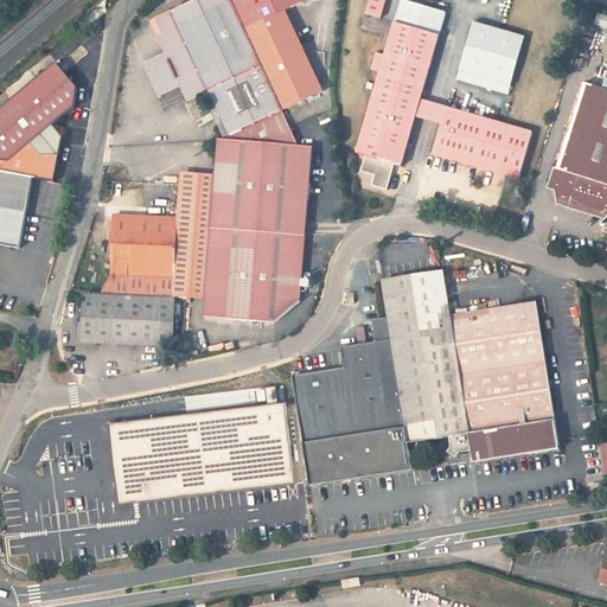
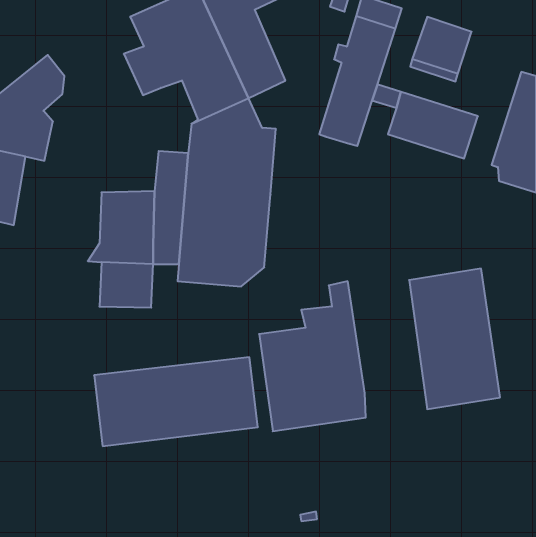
building: [360,153,392,187] -> none
building: [385,269,479,460] -> none
building: [77,293,114,344] -> none

